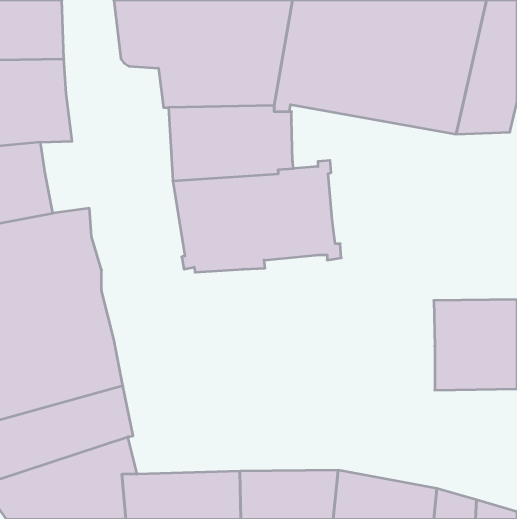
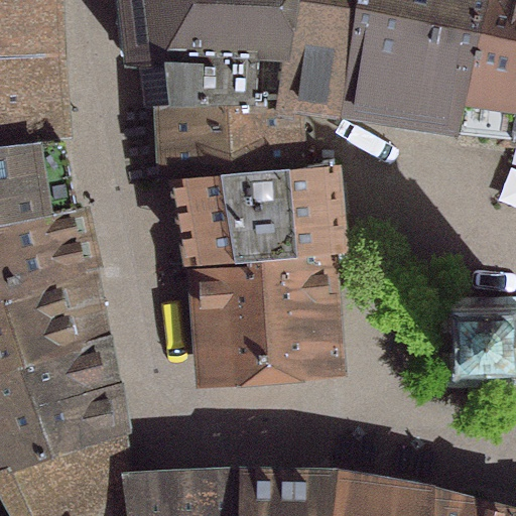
building: none -> [194,253,326,368]

